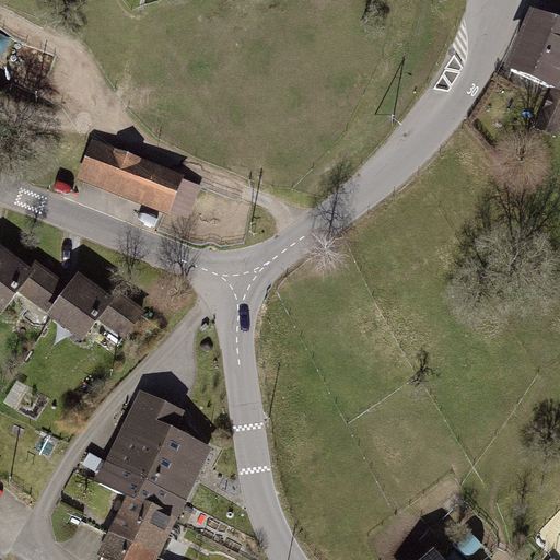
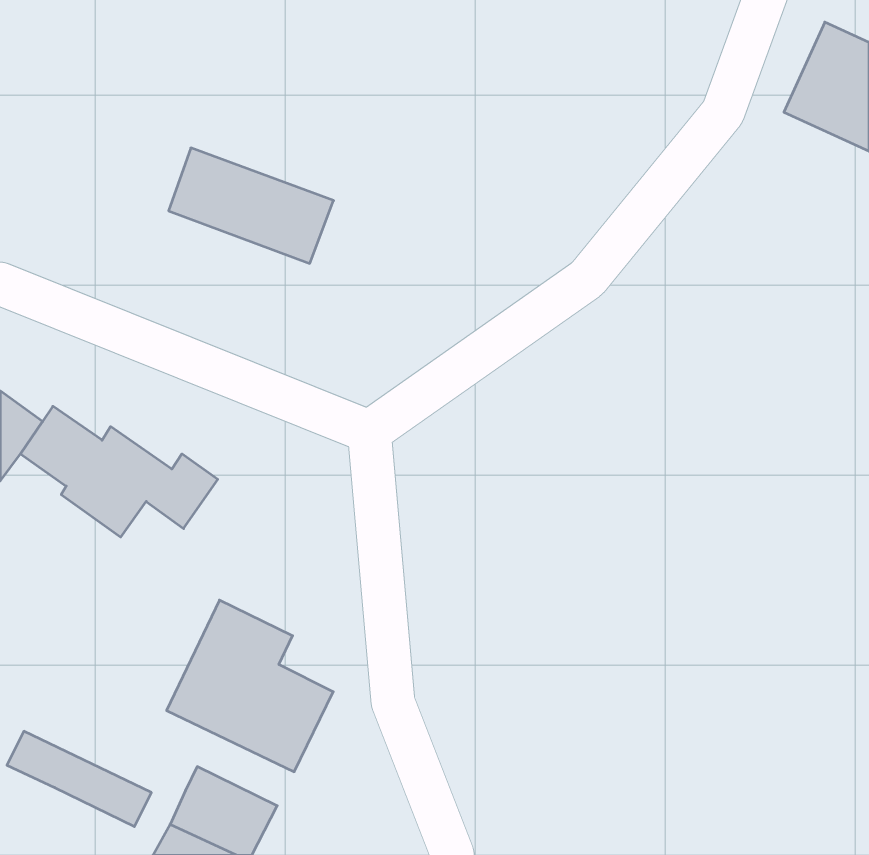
building: [78,138,184,212] -> [169,148,334,263]
building: [96,457,189,518] -> [7,731,151,827]

